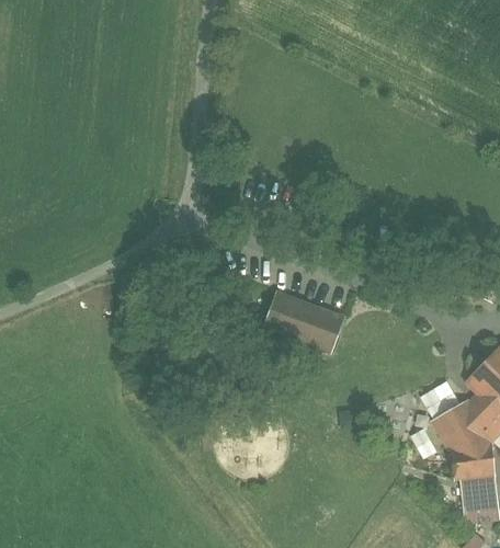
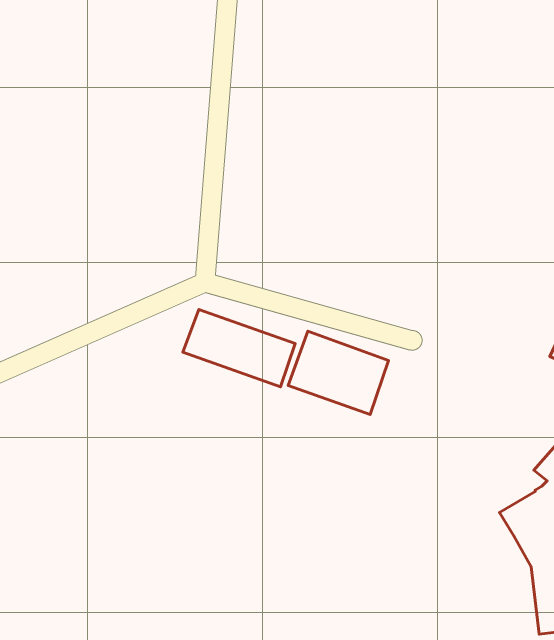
building: none -> [183,310,295,387]

